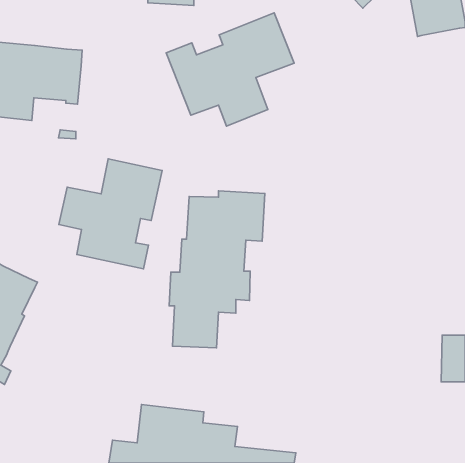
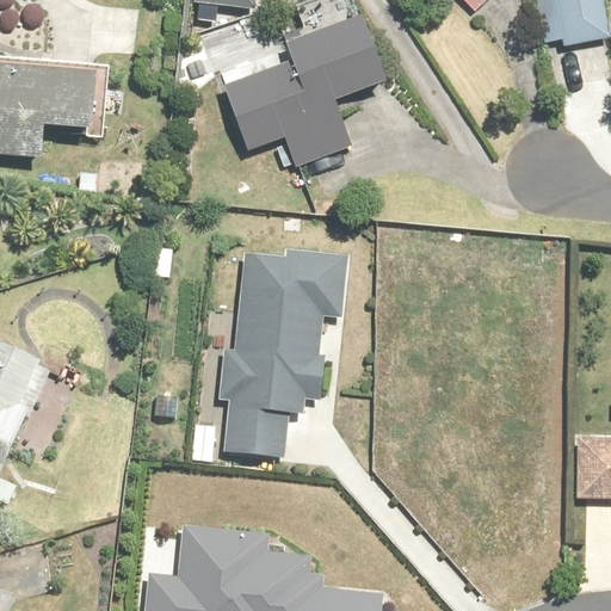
building: [59,159,162,269] -> none

